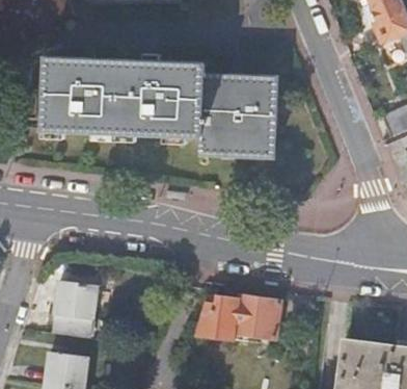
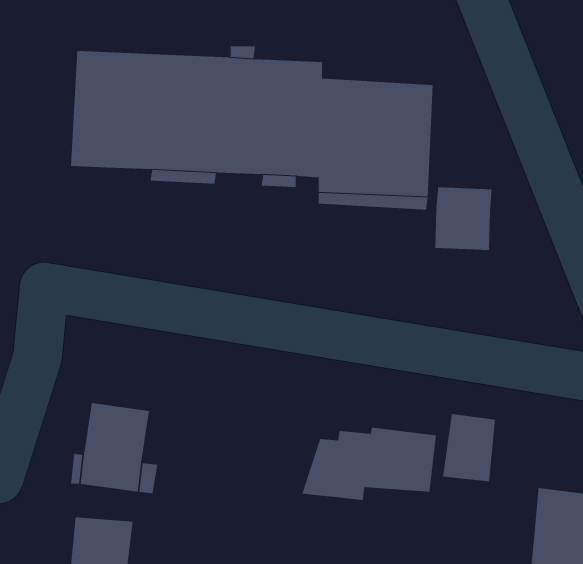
building: none -> [435,186,492,251]
building: none -> [442,413,495,482]

